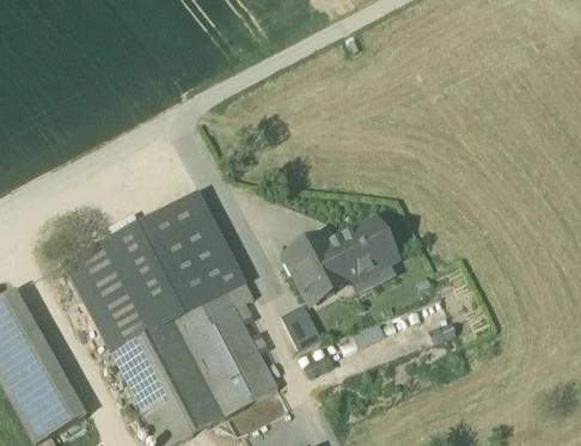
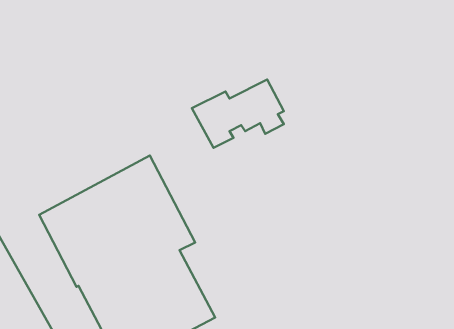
building: [283,220,395,303] -> [192,80,284,148]
building: [280,304,322,350] -> none

